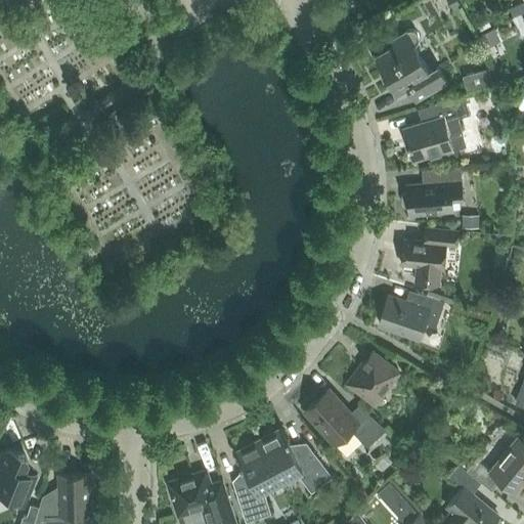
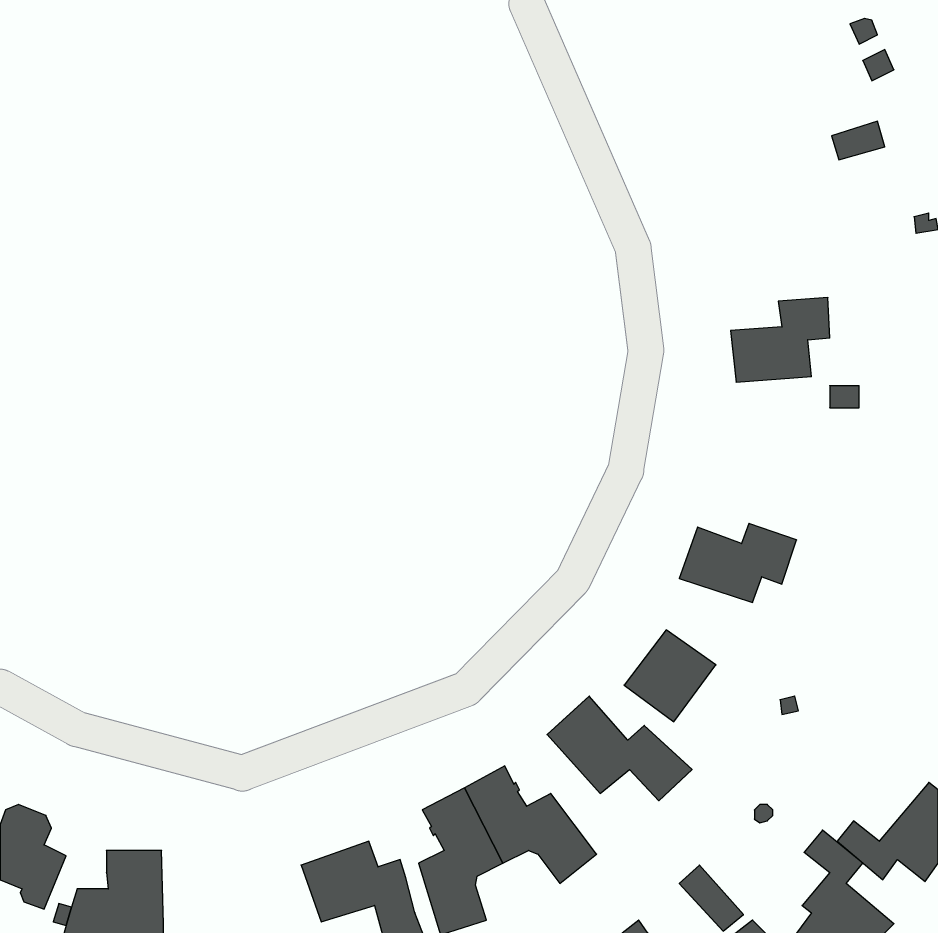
building: [376,32,447,101] -> none
building: [403,97,470,163] -> none
building: [401,229,458,287] -> none

